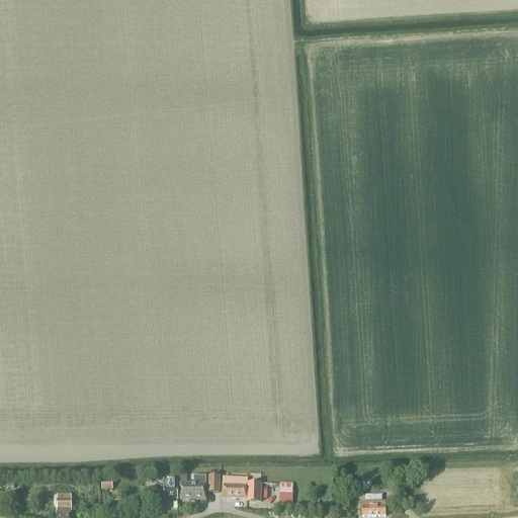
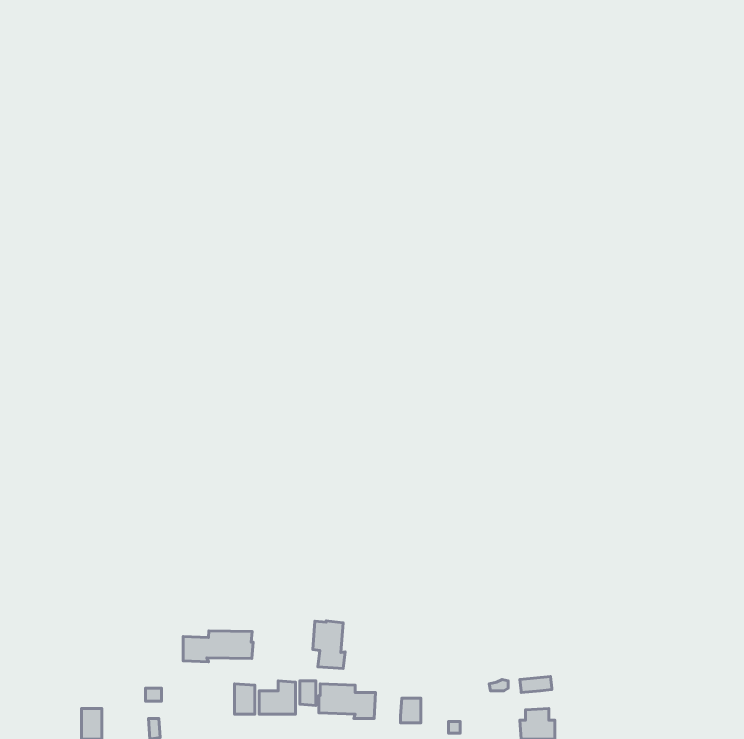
building: none -> [313,621,345,668]
building: none -> [183,631,253,662]

